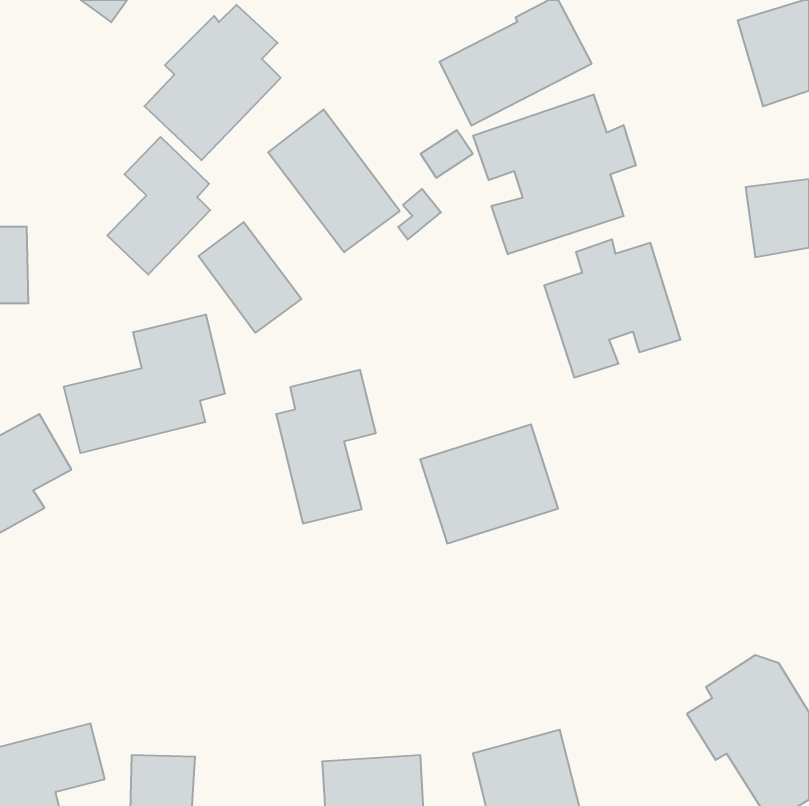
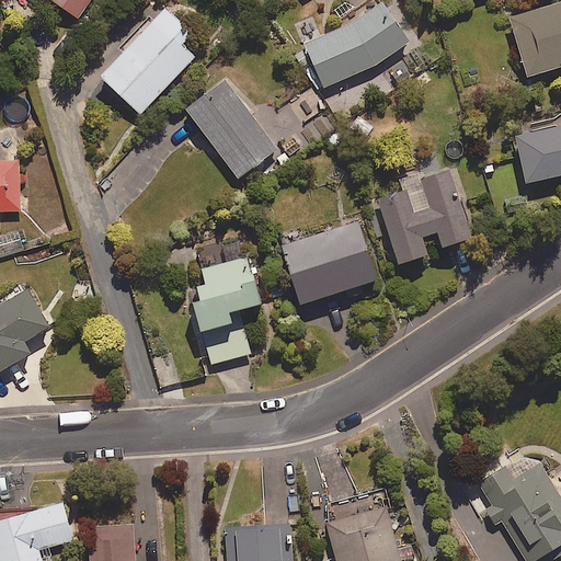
building: [473,94,636,254] -> none
building: [107,137,210,275] -> none
building: [199,222,301,333] -> none
building: [64,314,225,453] -> none
building: [420,424,558,543] -> [282,222,377,305]

